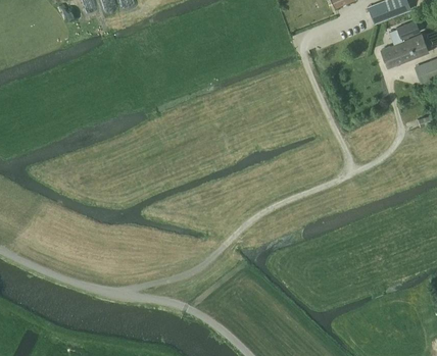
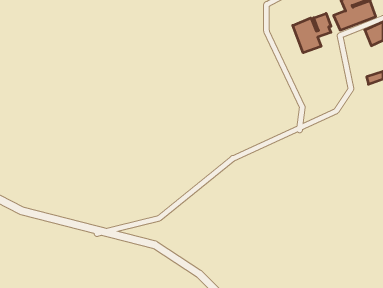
building: none -> [293,13,331,53]

